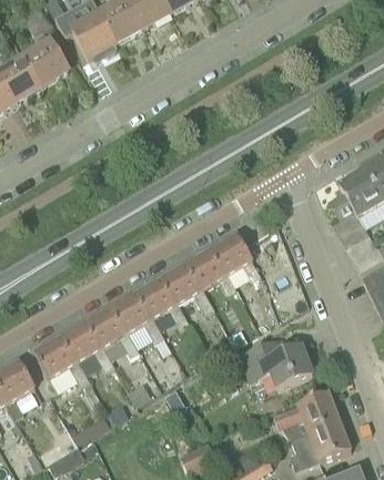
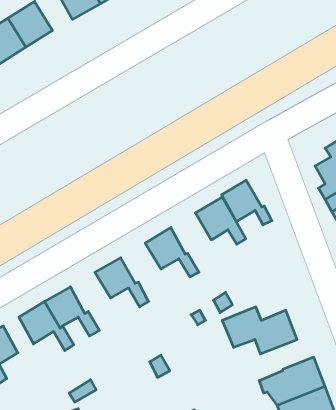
building: [185,248,235,293] -> [222,180,272,225]
building: [135,278,189,327] -> none
building: [85,307,139,356] -> none

